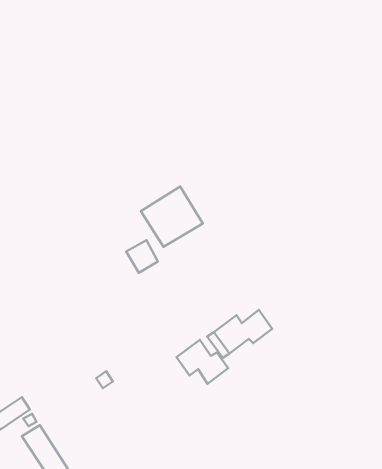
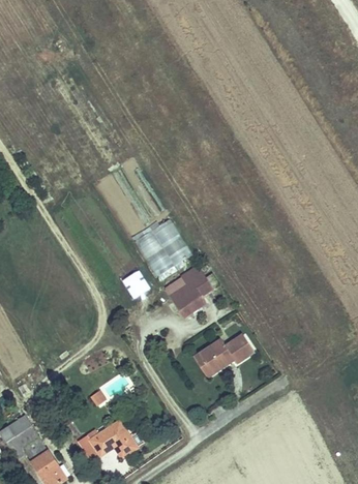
building: none -> [166,266,209,312]
building: [176,340,228,384] -> none
building: none -> [83,420,140,459]

